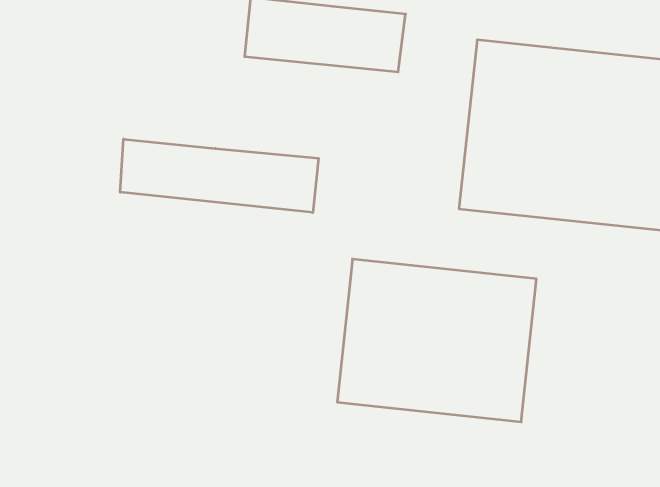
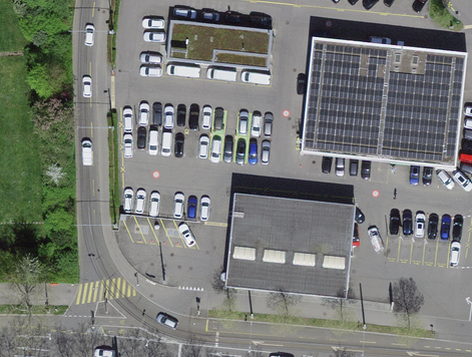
building: [120,139,318,213] -> none

